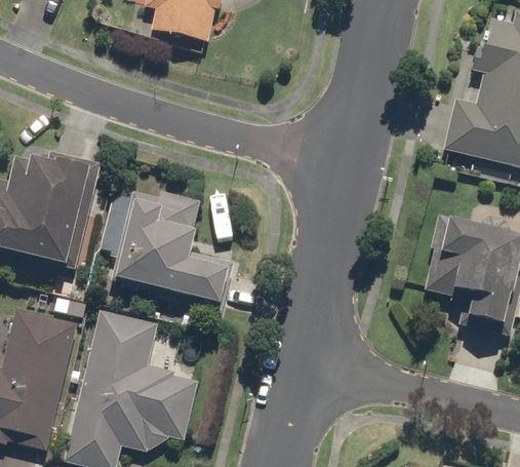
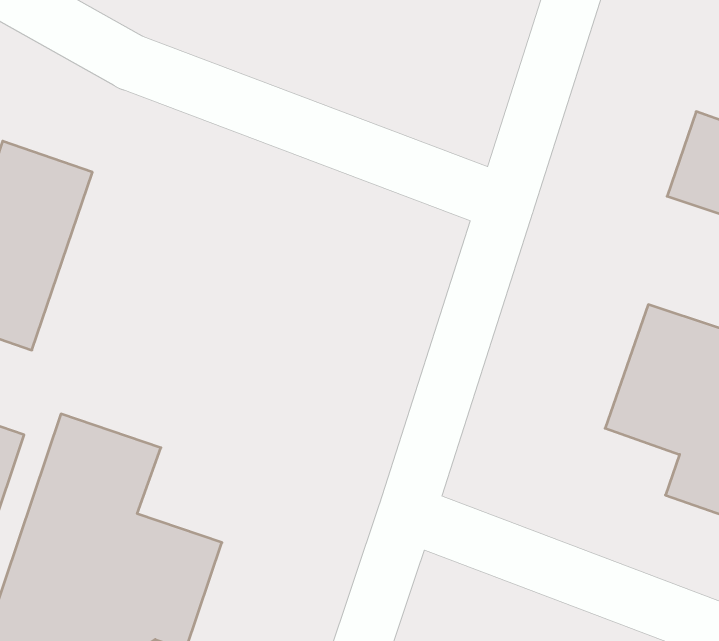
building: [111,186,237,311] -> none

